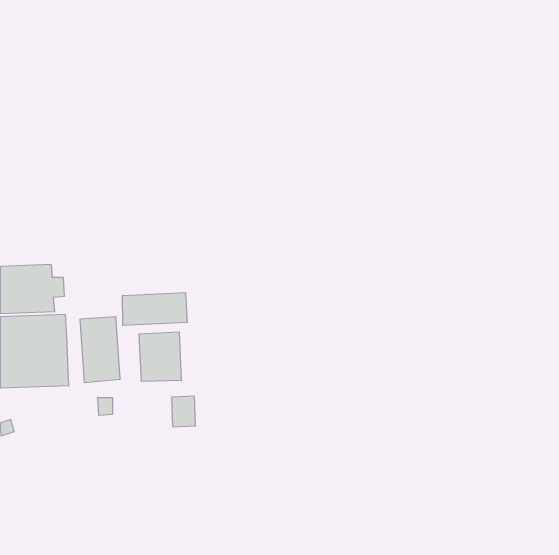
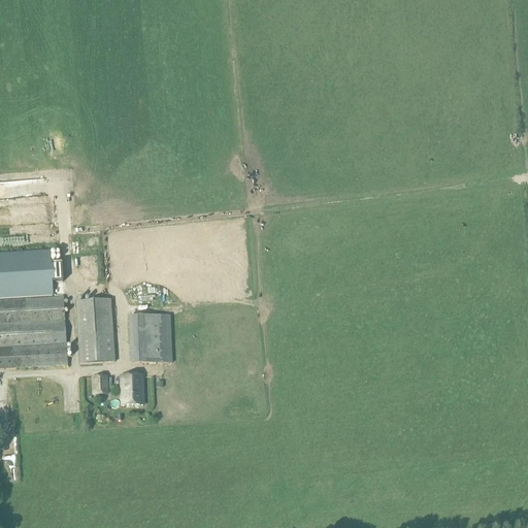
building: [122,293,187,325] -> none
building: [172,396,196,427] -> [121,374,143,403]

